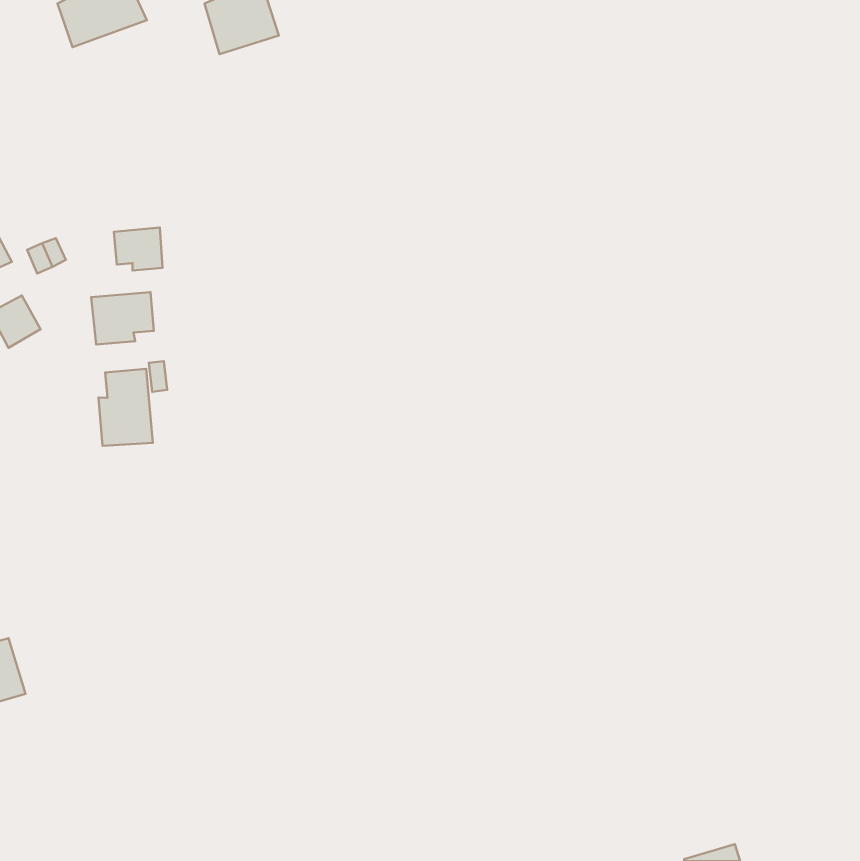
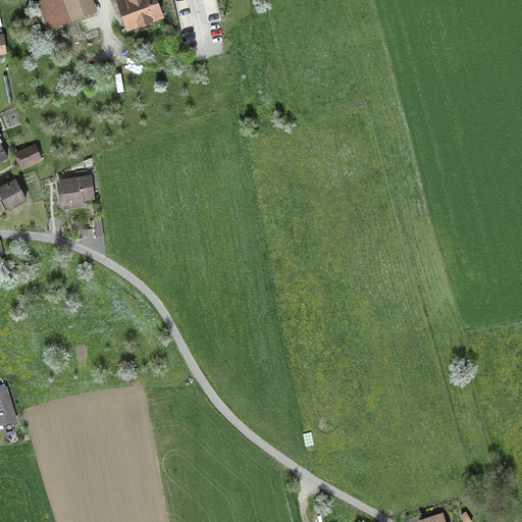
building: [114,228,163,270] -> none
building: [98,369,153,446] -> none

